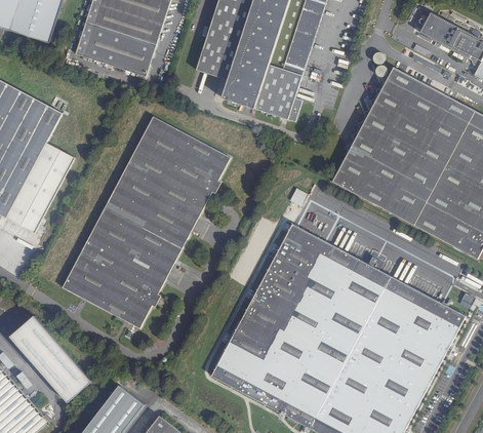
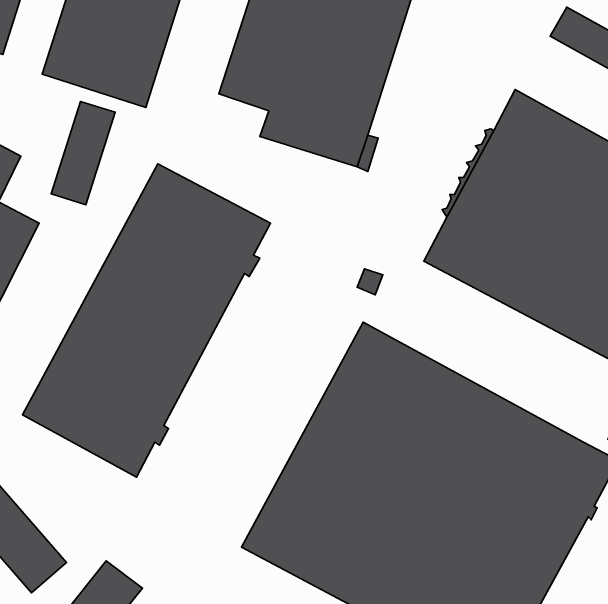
building: none -> [51,101,115,205]

